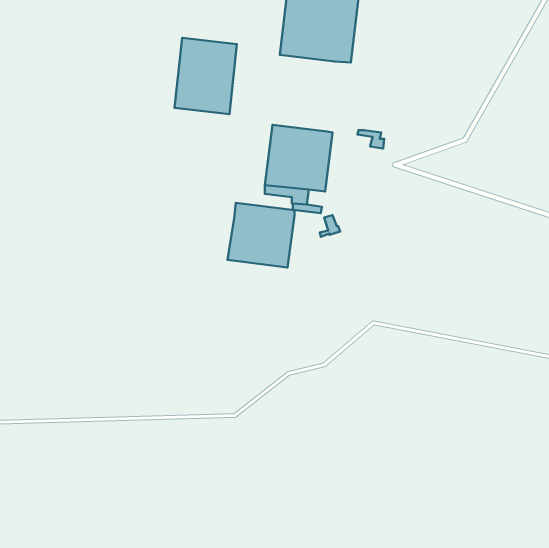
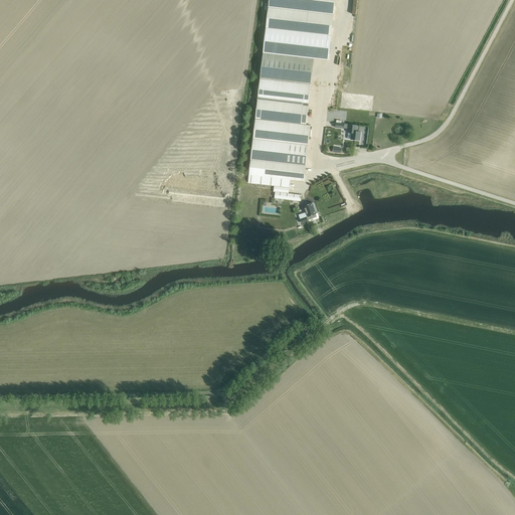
building: [175,38,237,114] -> [254,51,313,123]
building: [228,203,295,267] -> none

